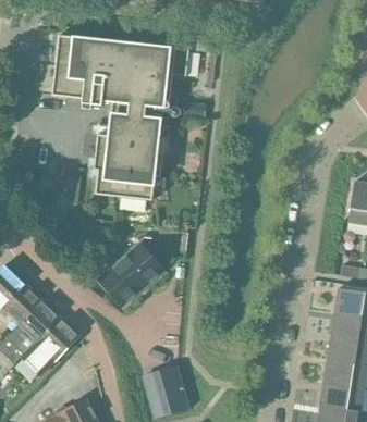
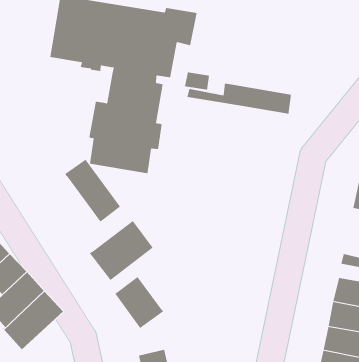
building: none -> [187,82,292,114]
building: none -> [64,159,121,222]
building: none -> [114,276,164,329]

